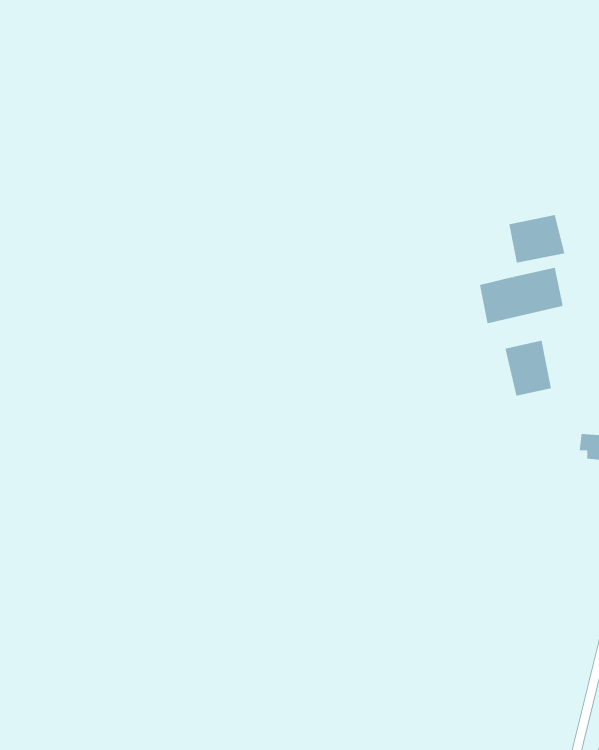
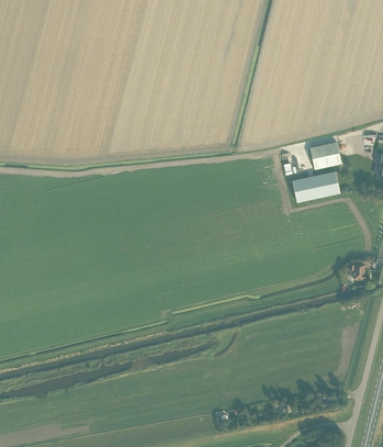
building: [505,340,552,396] -> none

